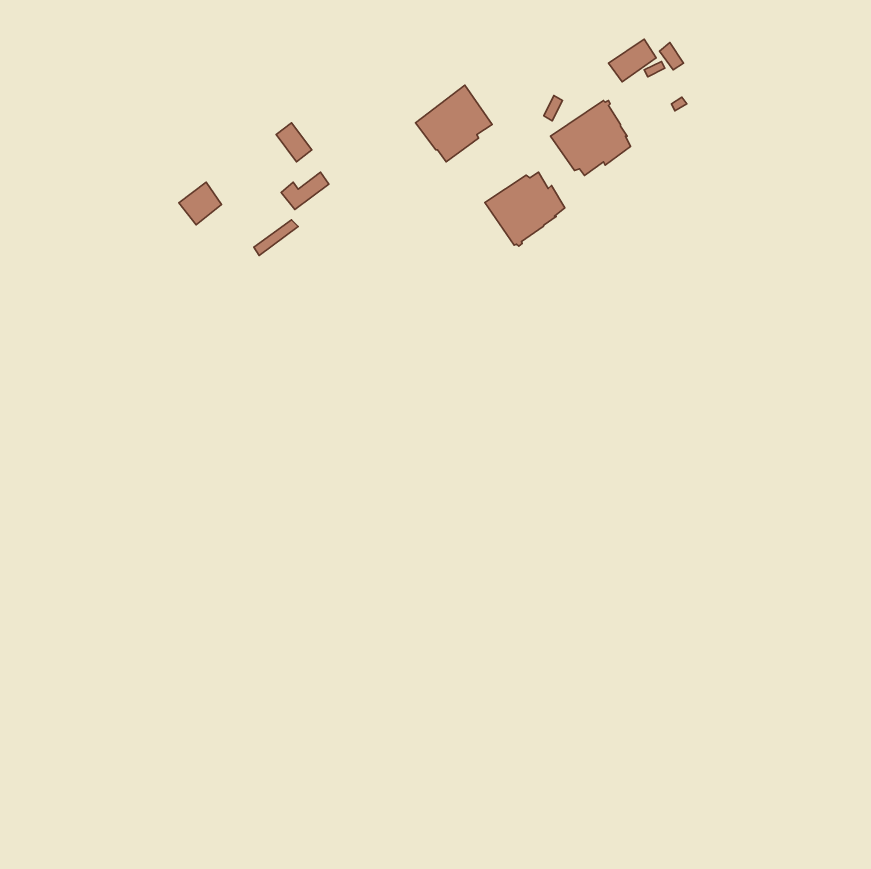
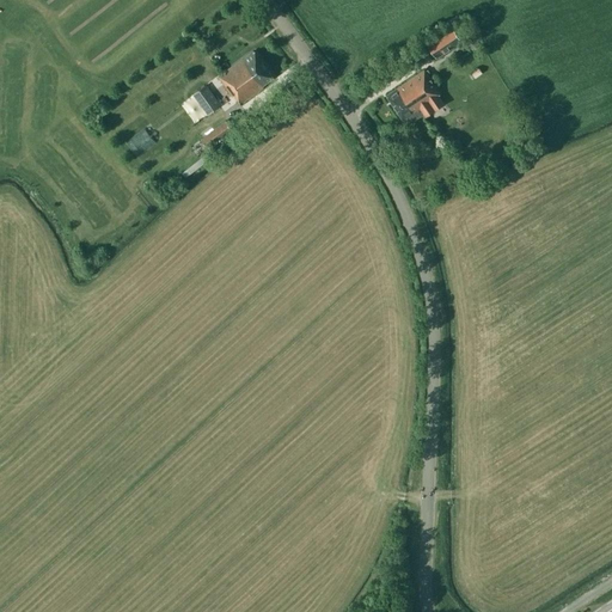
building: [415,85,492,162] -> [219,51,273,105]
building: [485,172,565,246] -> none

